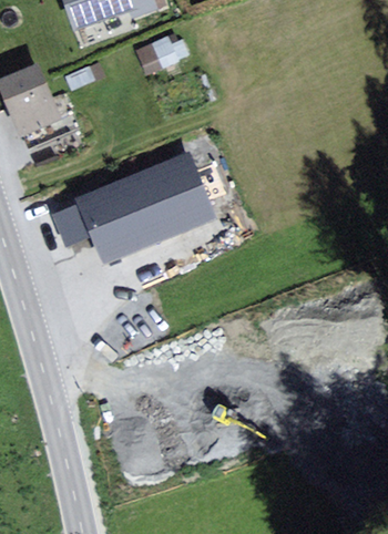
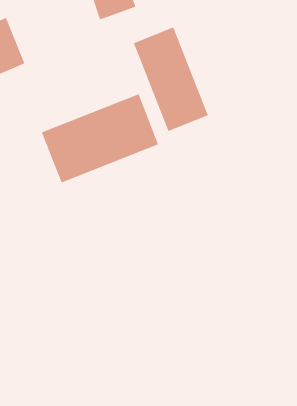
building: none -> [133,27,209,132]
building: [51,204,91,246] -> none

